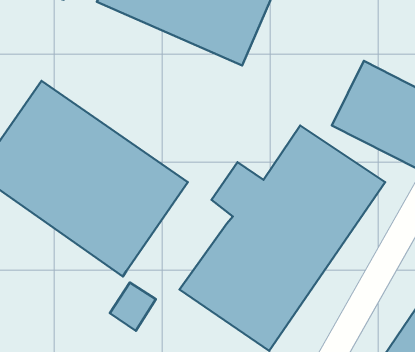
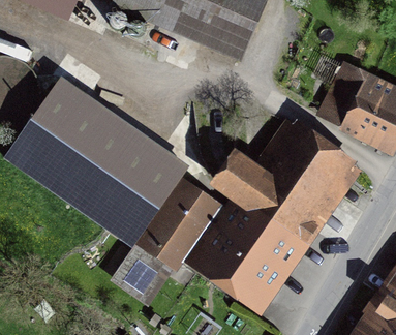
building: none -> [136,175,224,270]

